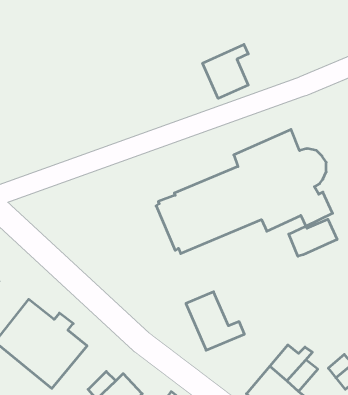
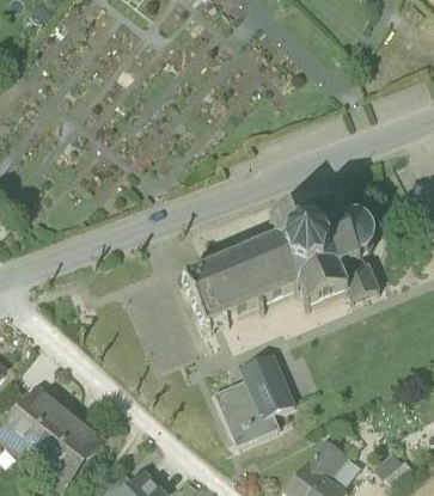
building: [203,44,248,98] -> none
building: [289,219,337,256] -> none
building: none -> [240,351,294,416]

